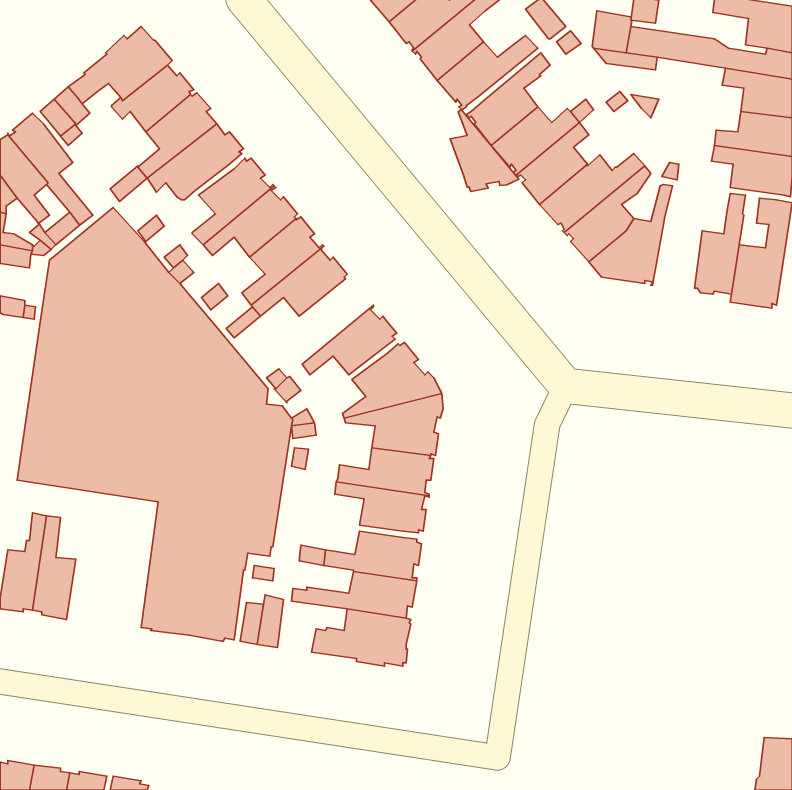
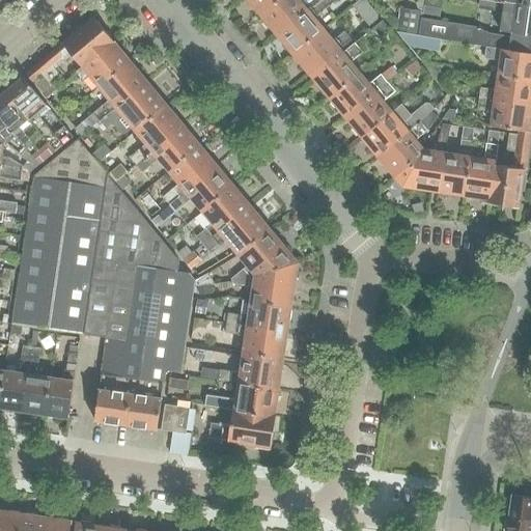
building: [450,110,519,192] -> none
building: none -> [437,125,473,194]
building: none -> [195,186,250,244]
building: none -> [45,351,77,417]

